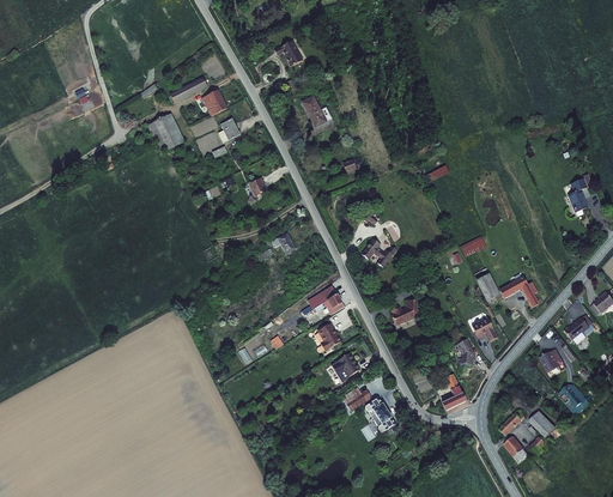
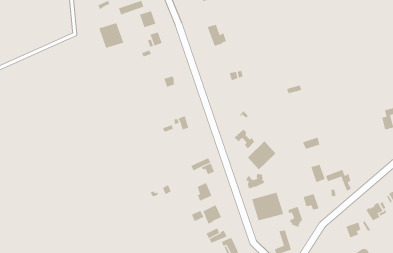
building: none -> [247,141,276,170]
building: none -> [251,192,284,221]

